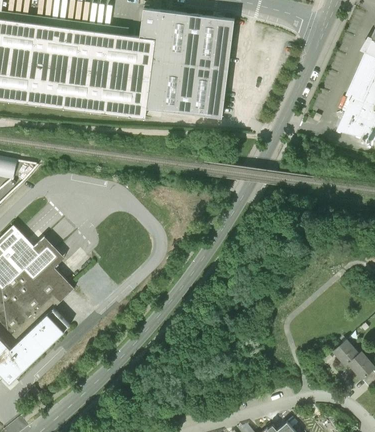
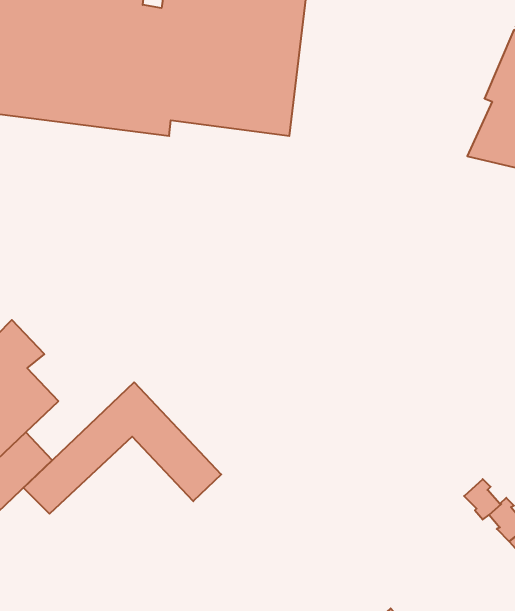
building: none -> [23,382,221,514]

